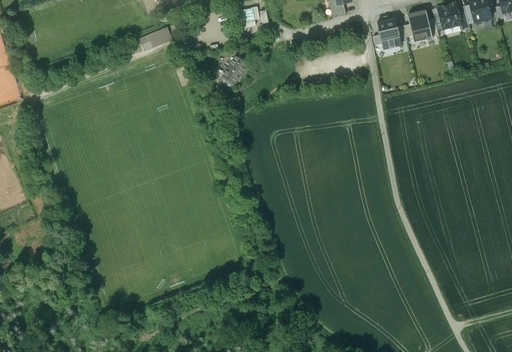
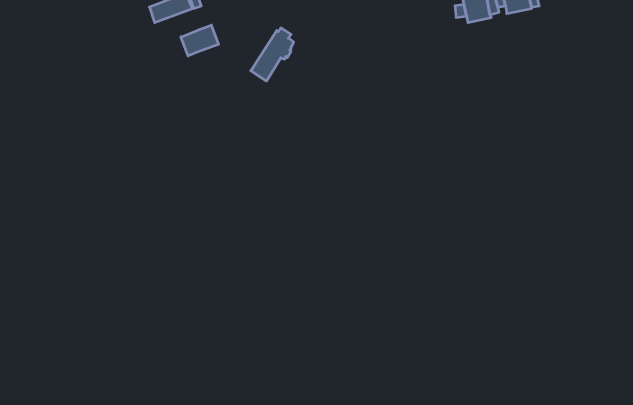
building: none -> [181,25,219,56]

